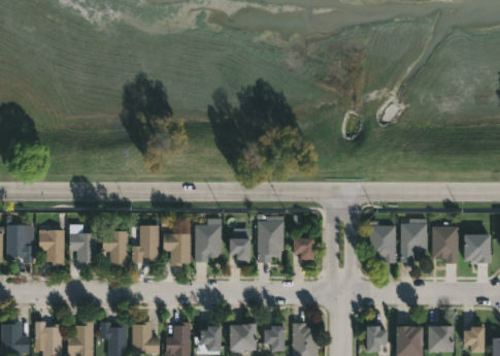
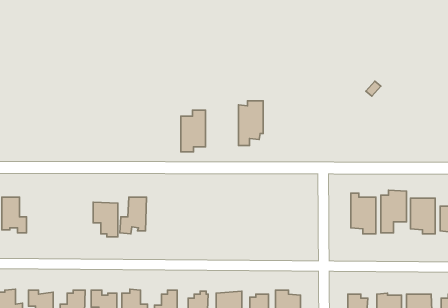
building: [258,216,284,262] -> [238,101,263,145]
building: [195,219,221,262] -> [181,110,206,152]
building: [161,220,191,266] -> none
building: [38,229,64,264] -> none
building: [292,230,311,262] -> none
building: [69,233,97,265] -> none
building: [230,238,251,262] -> none

